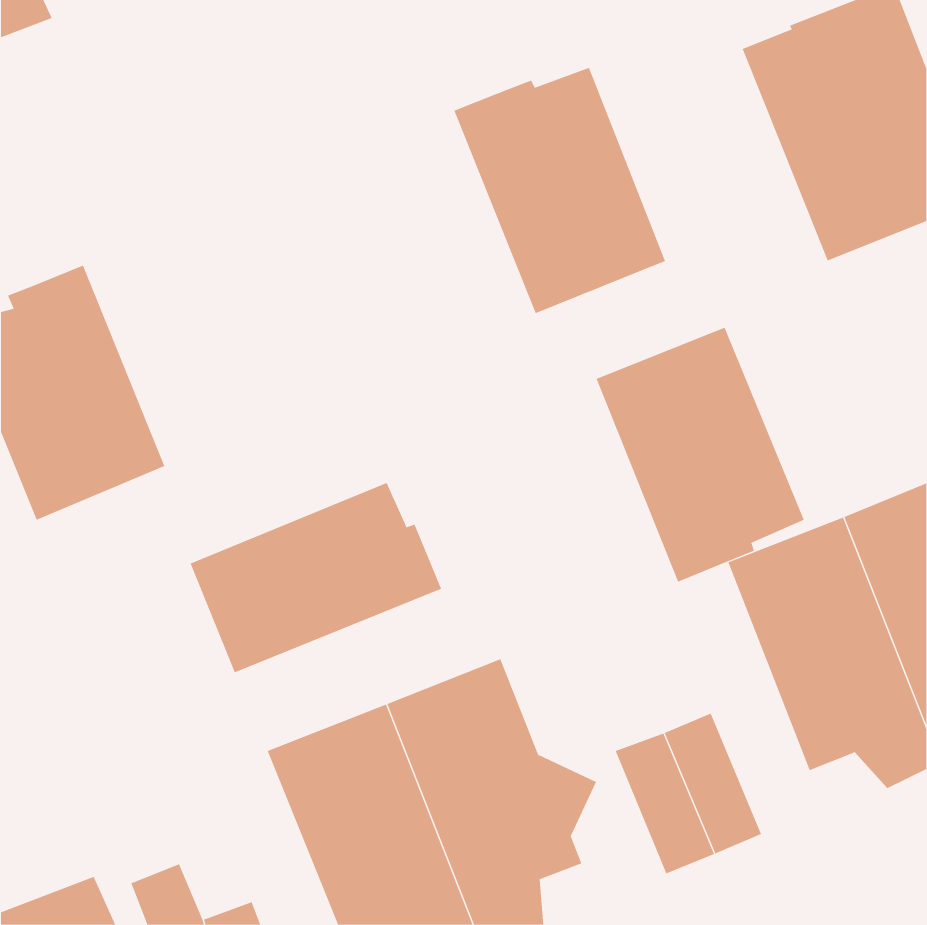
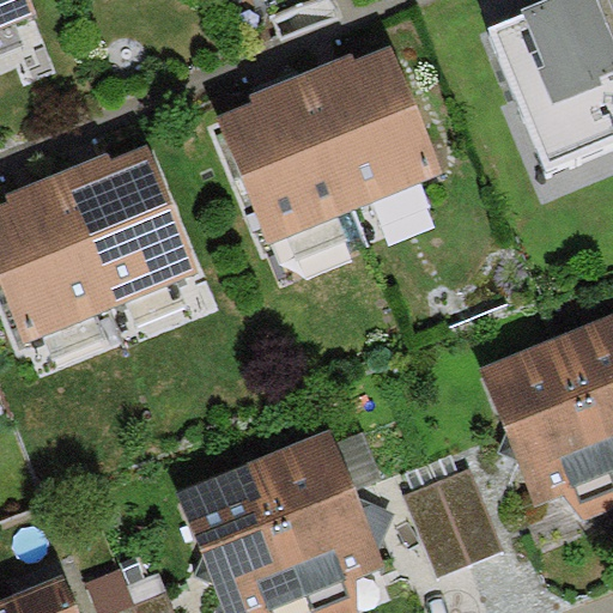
building: none -> [216,73,353,243]
building: none -> [55,146,199,308]
building: [596,327,804,582] -> none
building: [190,482,442,673] -> none

